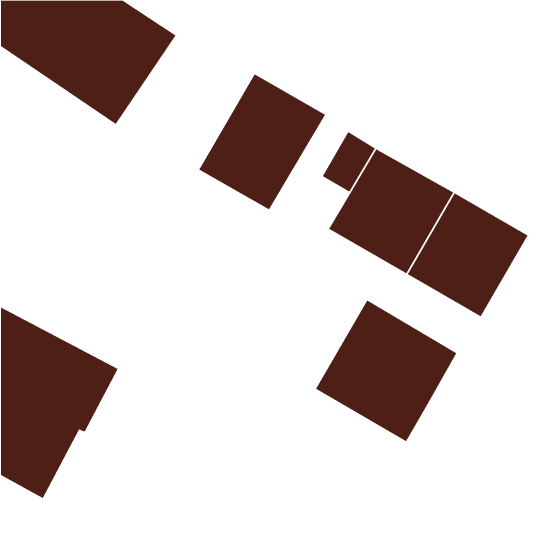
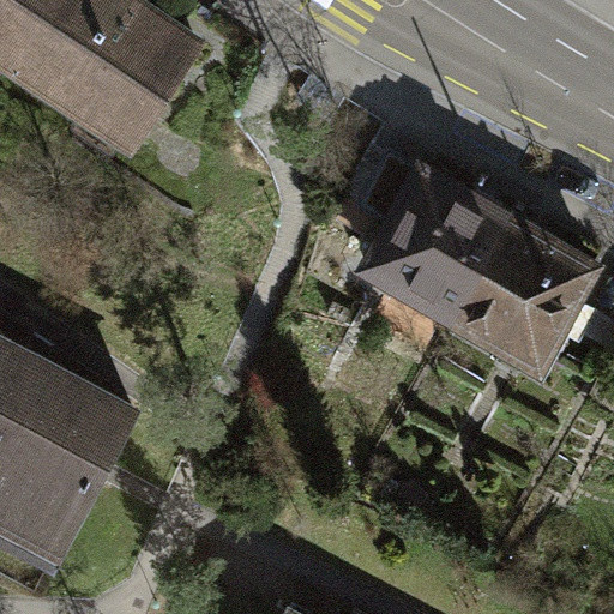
building: [198,73,326,210] -> none
building: [315,299,457,442] -> none

